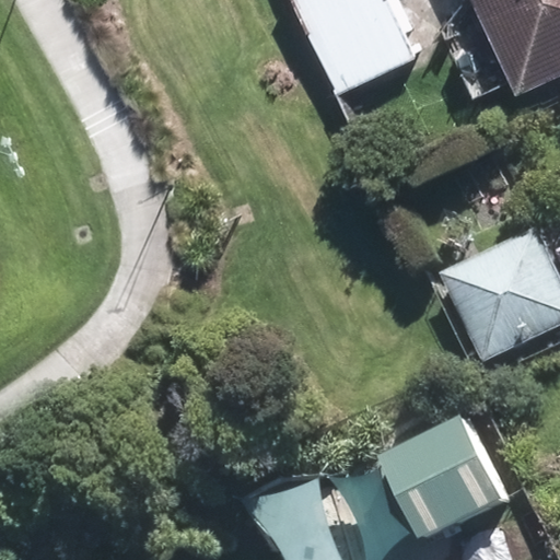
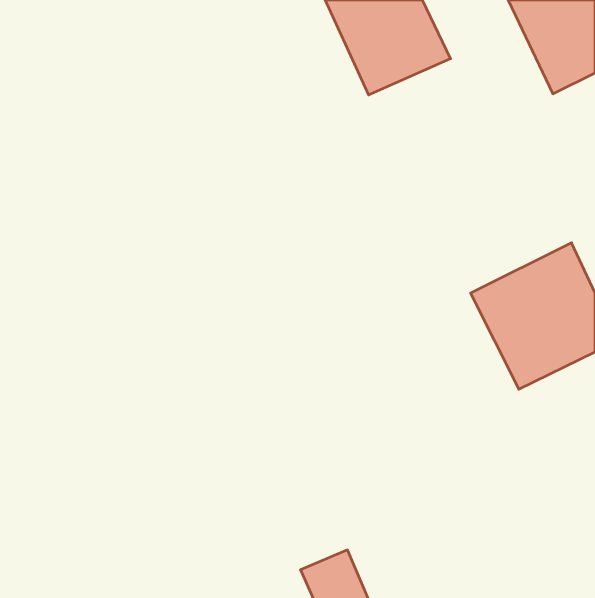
building: [373,411,500,539] -> none

